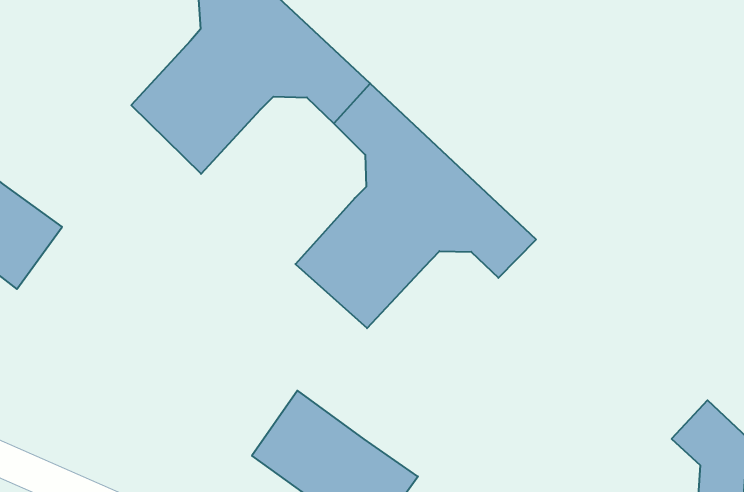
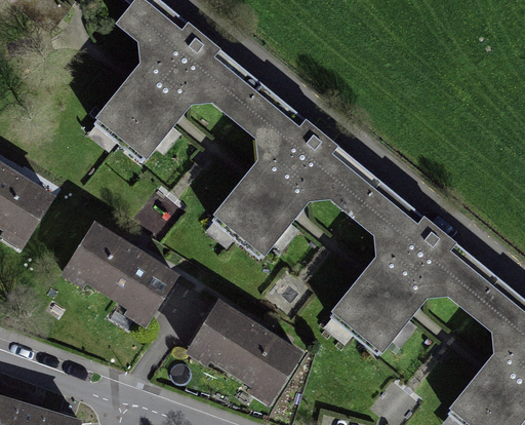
building: none -> [331,187,495,352]
building: none -> [67,222,180,320]

